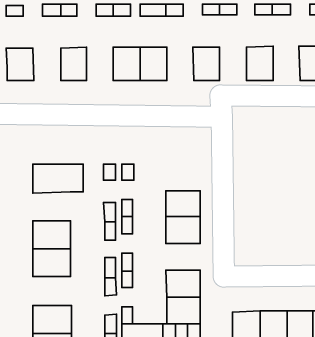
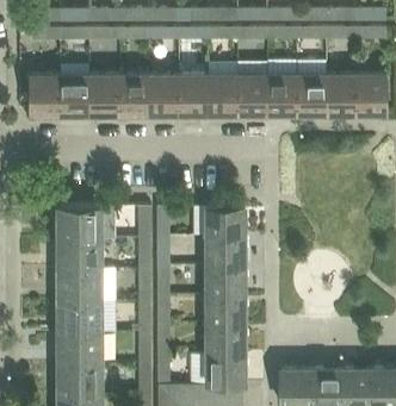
building: none -> [326,75,355,113]
building: none -> [118,76,148,113]
building: none -> [208,76,237,113]
building: none -> [266,76,296,113]
building: none -> [58,77,89,113]
building: none -> [206,206,245,236]
building: none -> [58,237,100,269]
building: none -> [206,294,245,324]
building: none -> [58,331,101,363]

